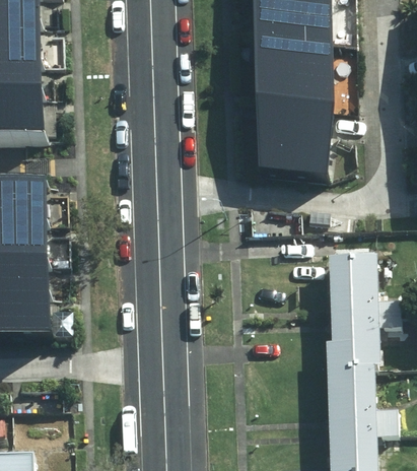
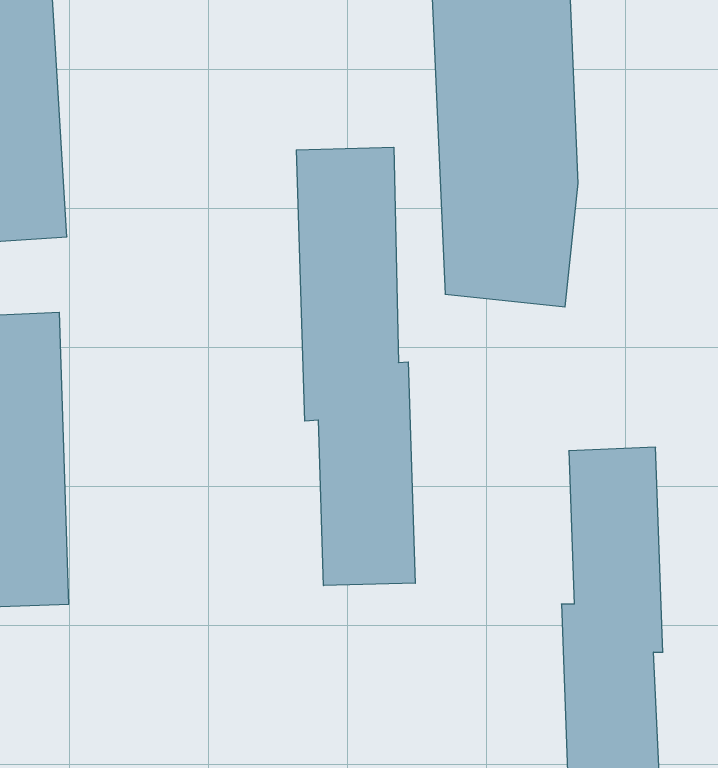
building: none -> [296,147,415,586]

